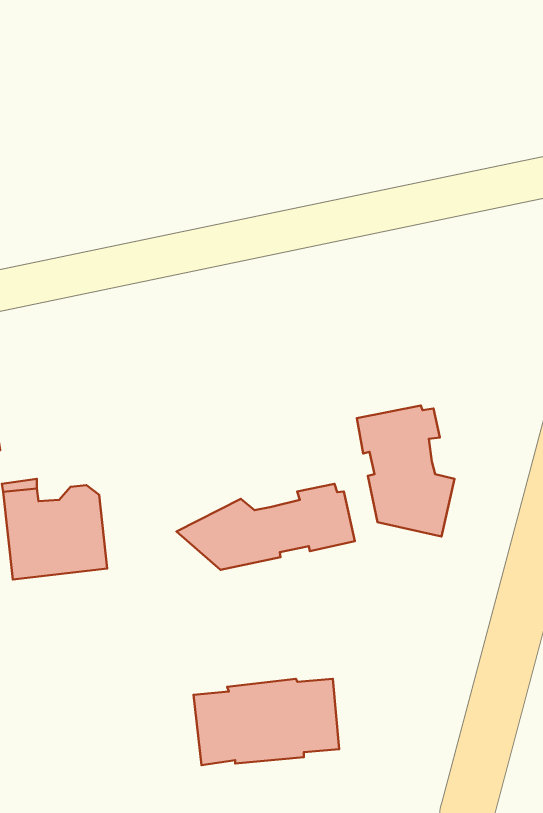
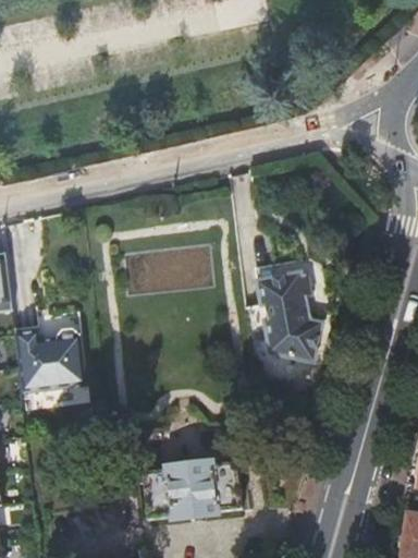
building: [176,484,355,570] -> none

